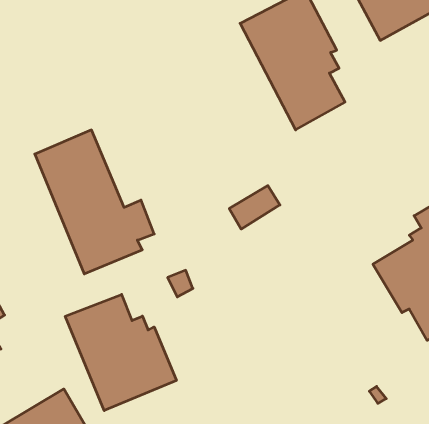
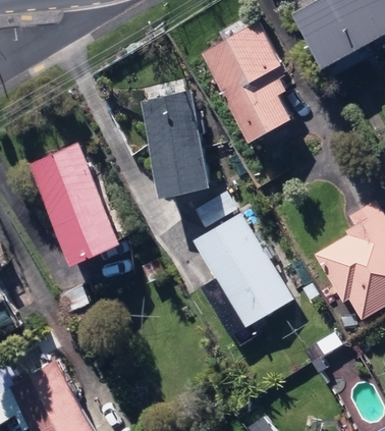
building: none -> [141,95,209,199]
building: none -> [196,213,292,326]
building: [65,294,176,411] -> none

